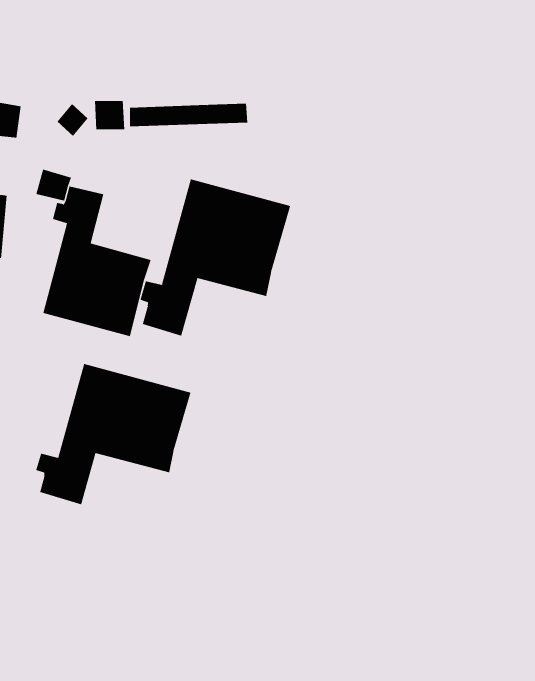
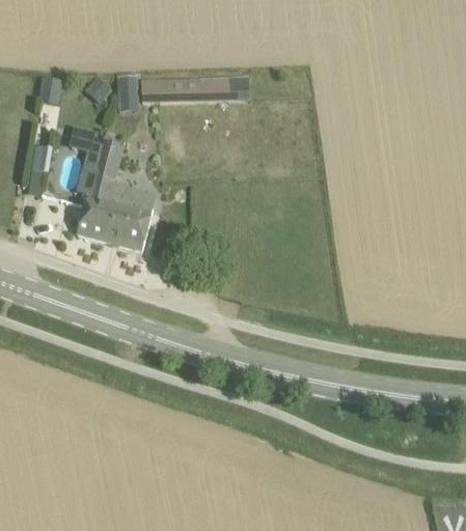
building: [140,179,291,336] -> none
building: [36,363,191,505] -> none

